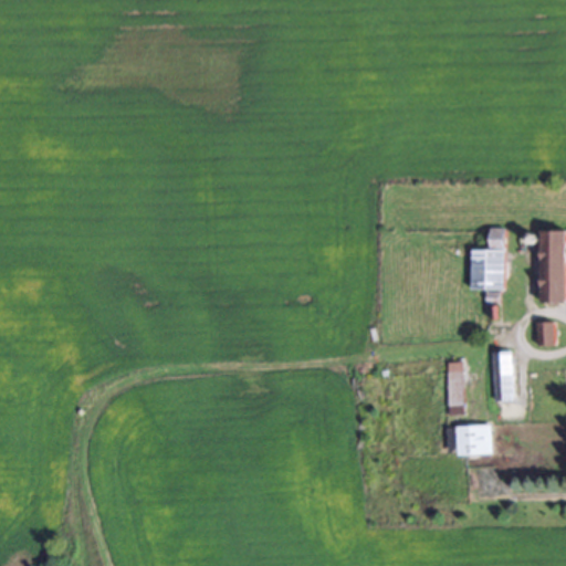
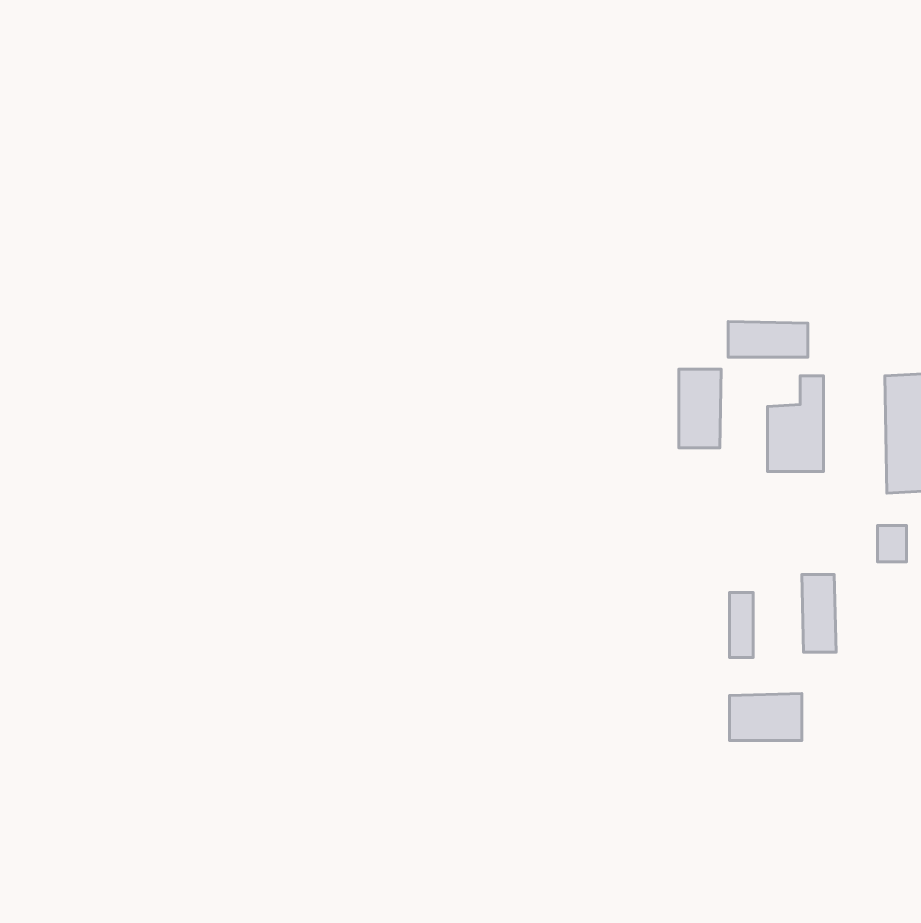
building: none -> [728,322,808,357]
building: none -> [679,369,721,448]

